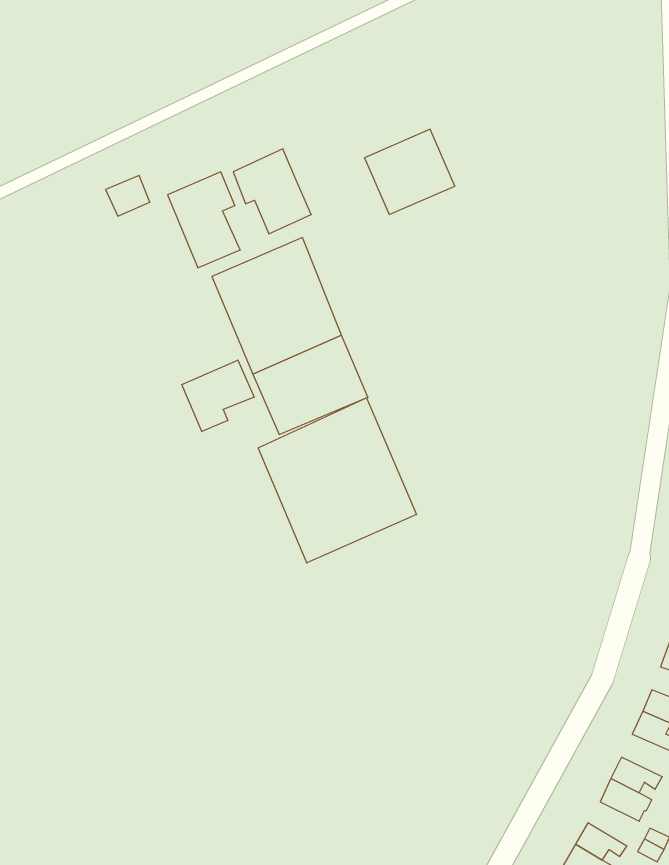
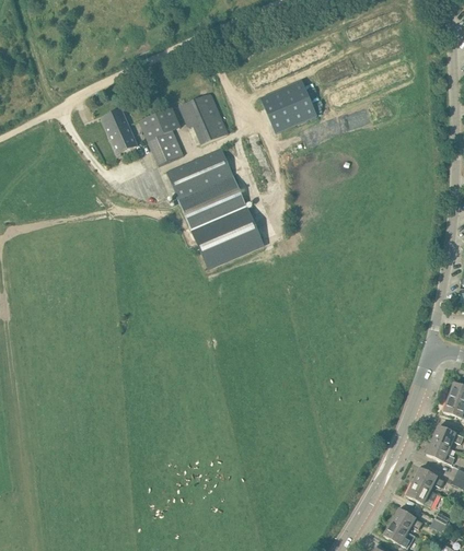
building: none -> [108,126,137,154]
building: [182,360,254,432] -> none
building: [258,398,417,563] -> none

